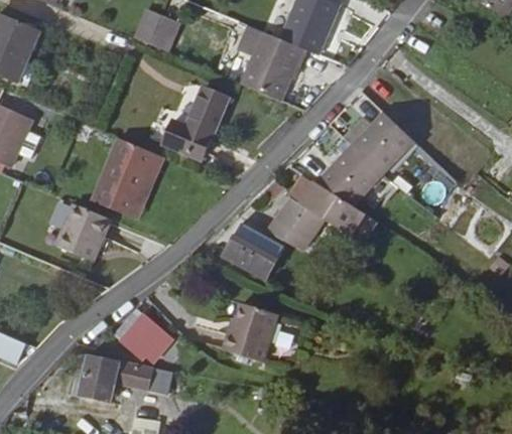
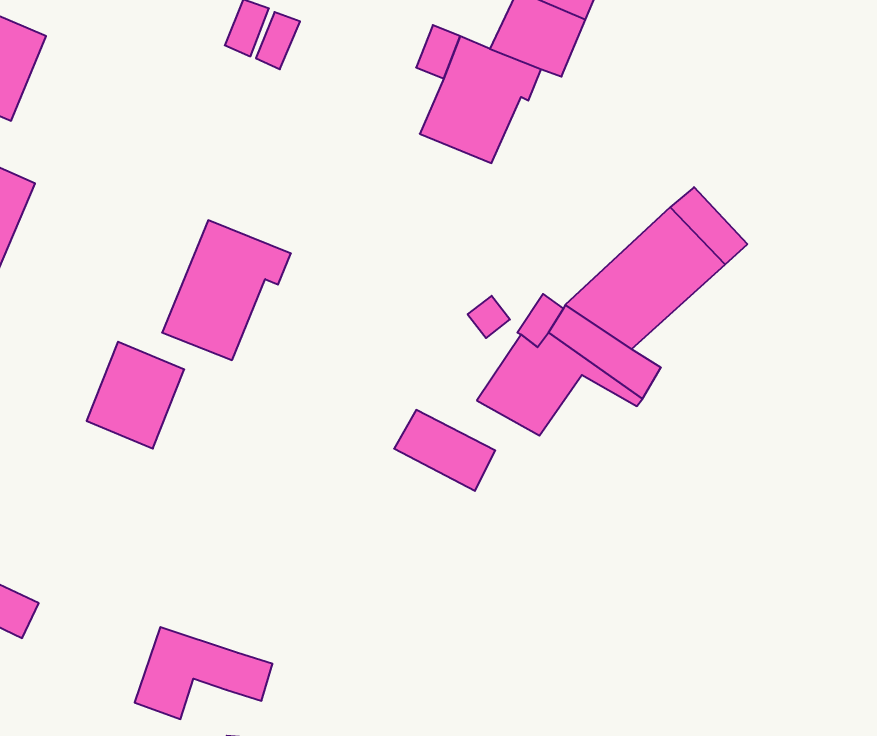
building: [164,88,228,154] -> none
building: [226,299,279,358] -> none
building: [114,306,172,358] -> none

